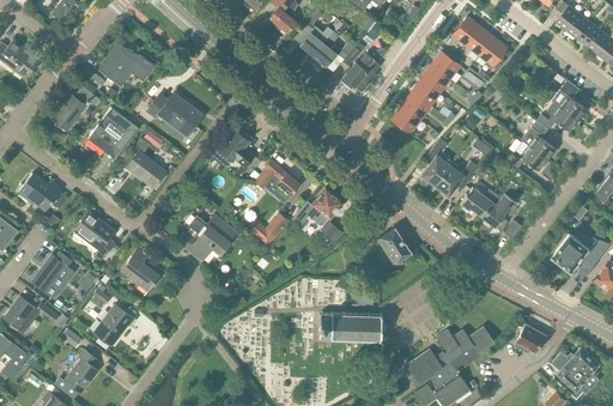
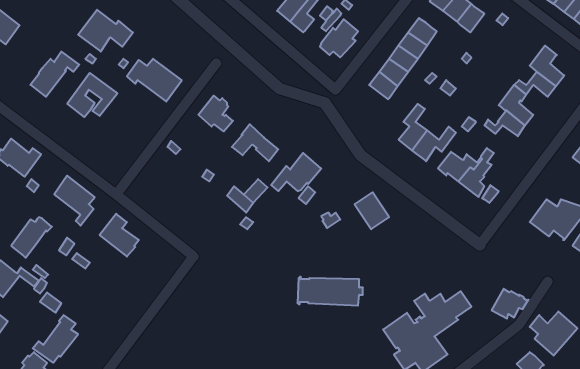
building: [122,143,165,188] -> none
building: [176,216,230,261] -> none
building: [93,304,135,346] -> none

